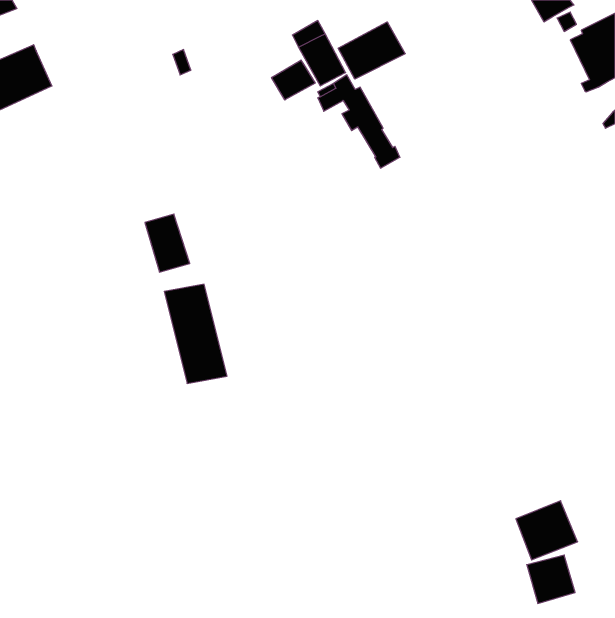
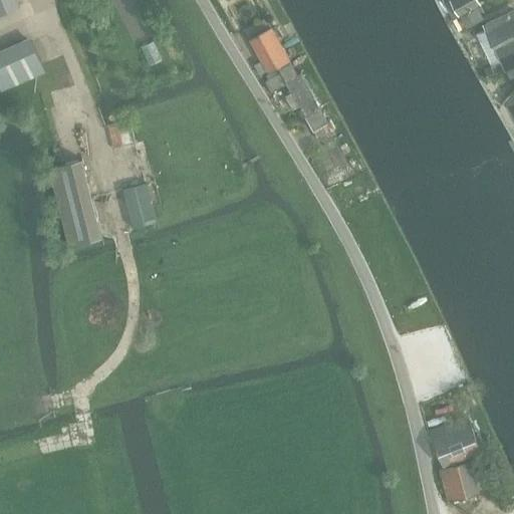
building: [338,22,405,79] -> none
building: [272,60,315,100] -> none
building: [164,284,227,383] -> [49,165,101,247]

